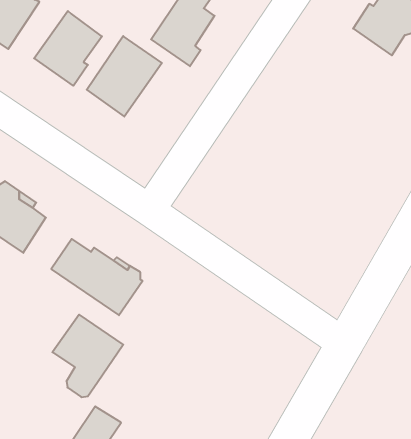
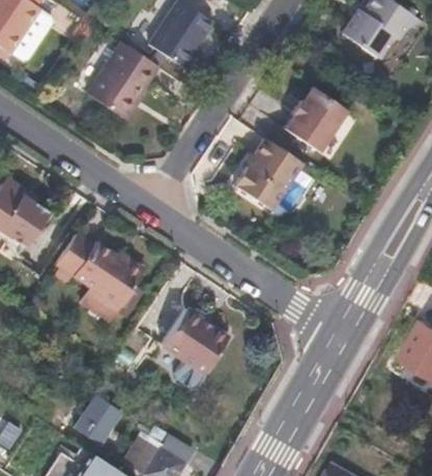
building: [34,11,102,86] -> none
building: none -> [281,85,344,150]
building: none -> [232,136,303,210]
building: [52,315,123,397] -> [162,308,230,388]

